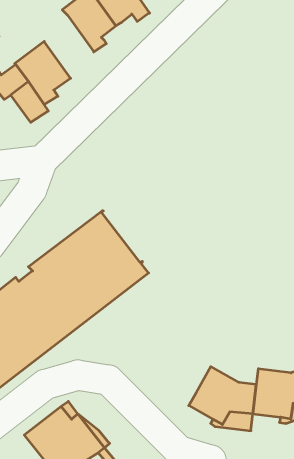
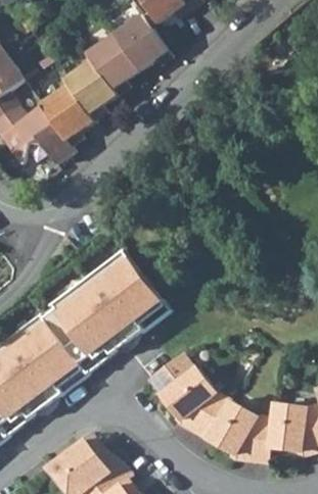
building: none -> [63,59,116,120]
building: none -> [146,352,229,426]

